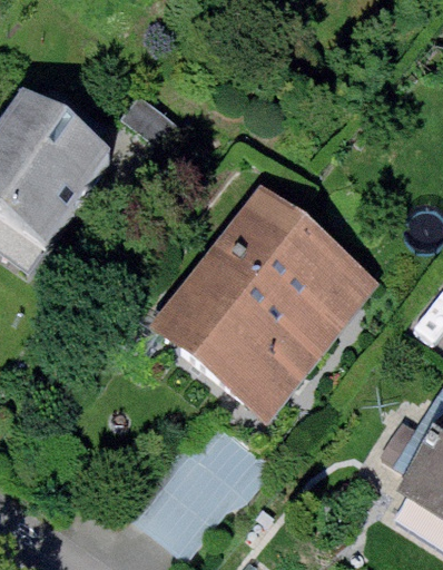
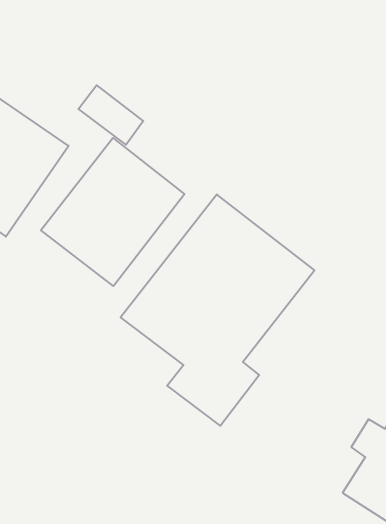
building: none -> [41,138,184,286]

